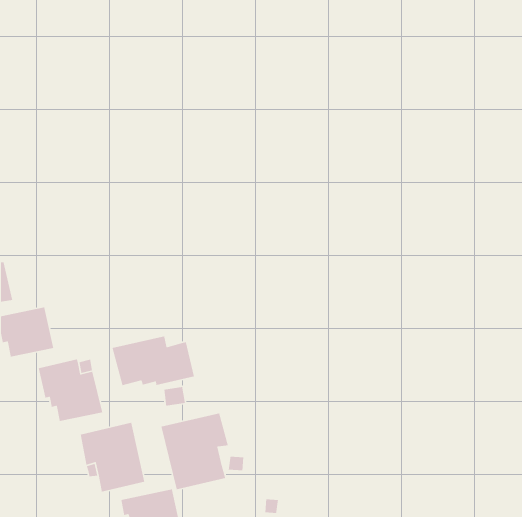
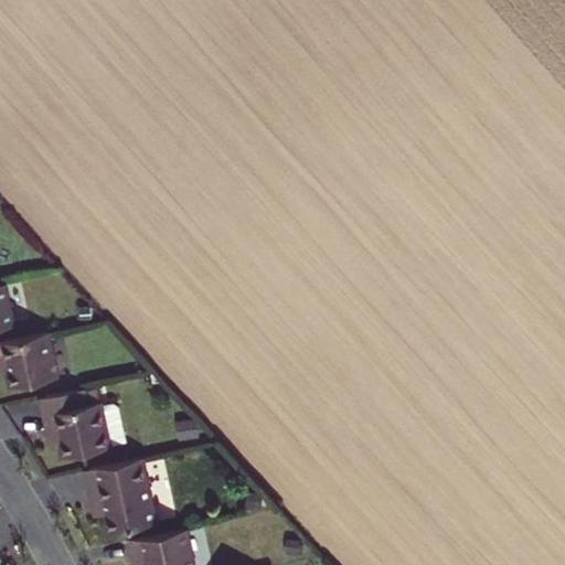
building: [111,335,195,386] -> none
building: [160,412,229,490] -> none

